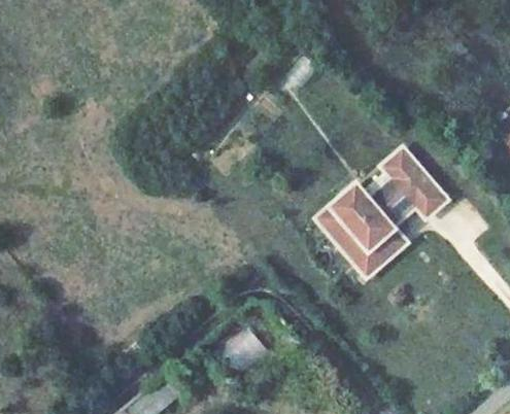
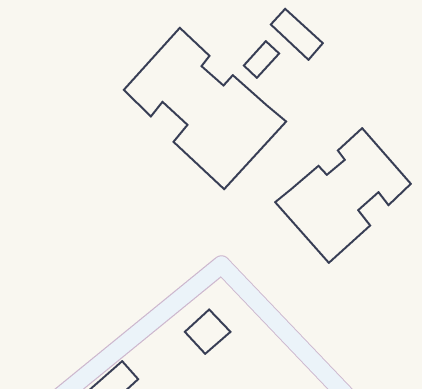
building: none -> [271,9,323,60]
building: none -> [124,28,286,189]

